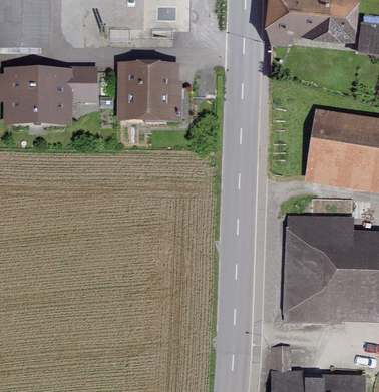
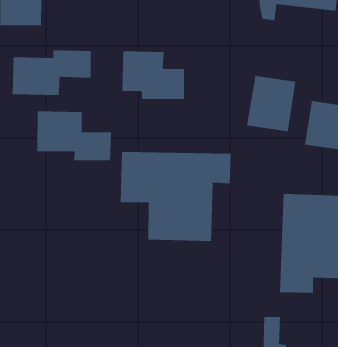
building: none -> [247,75,296,132]
building: none -> [37,110,112,161]
building: none -> [120,151,231,242]

